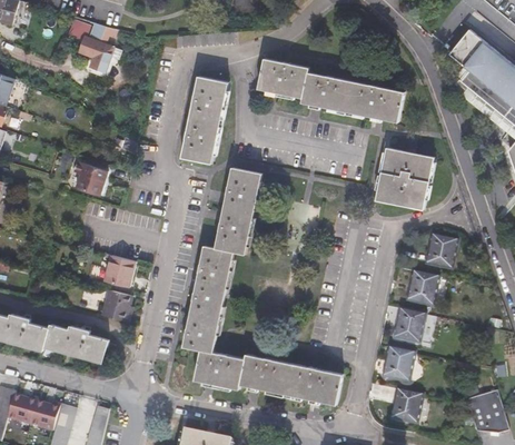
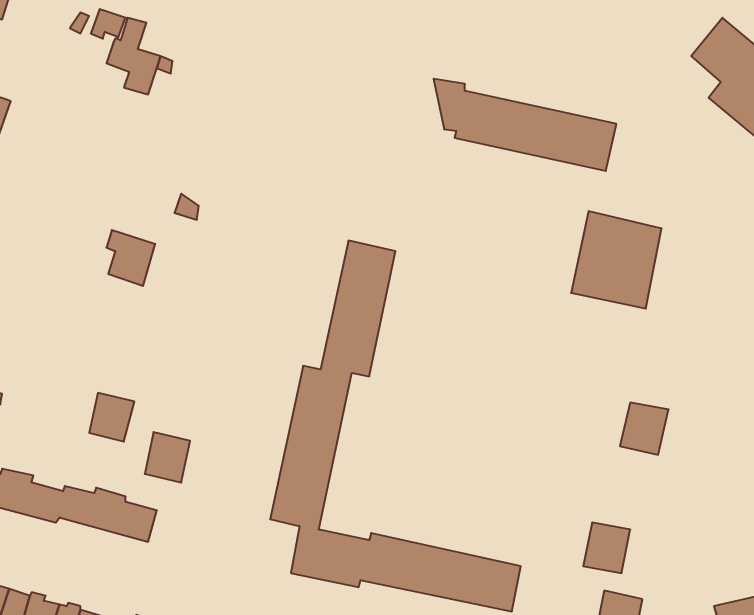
building: [256,58,290,96] -> none
building: [179,75,227,161] -> none
building: [425,236,455,267] -> none
building: [105,257,133,288] -> [89,393,134,442]
building: [393,308,423,342] -> none

